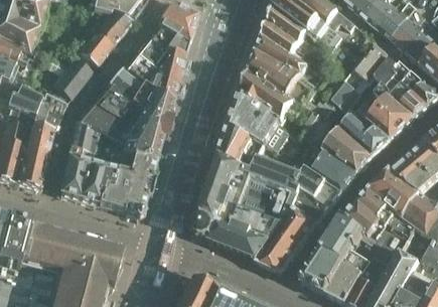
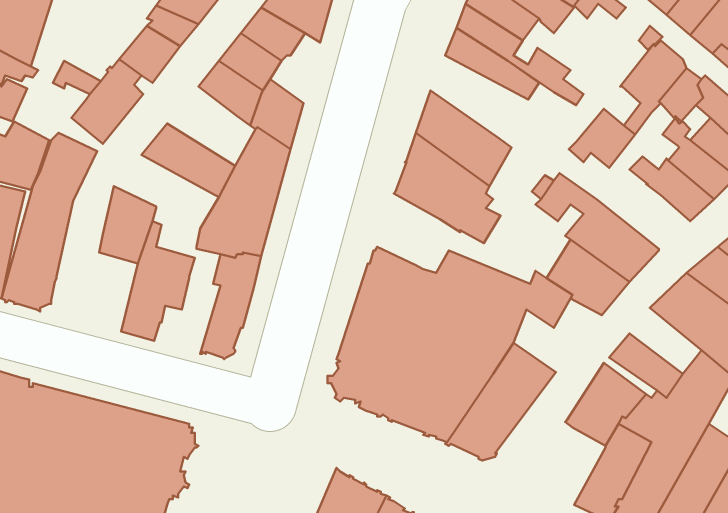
building: [160,36,187,74] -> none
building: [248,48,308,105] -> none
building: [104,65,152,109] -> none
building: [75,103,132,143] -> none
building: [338,114,390,154] -> none
building: [218,124,253,163] -> none
building: [58,156,88,199] -> none
building: [97,170,133,211] -> none
building: [293,181,341,221] -> none
building: [356,186,394,222] -> none
building: [303,249,343,294] -> none

